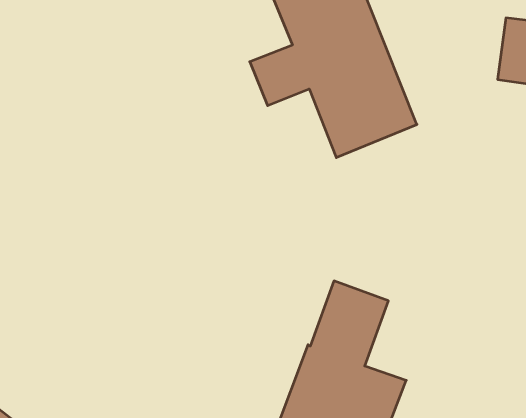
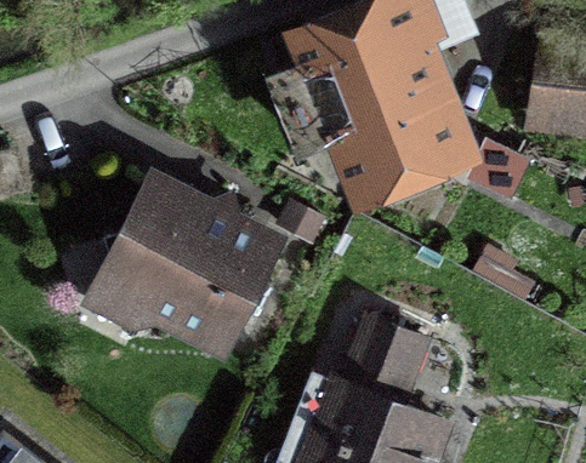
building: none -> [115,184,280,348]

